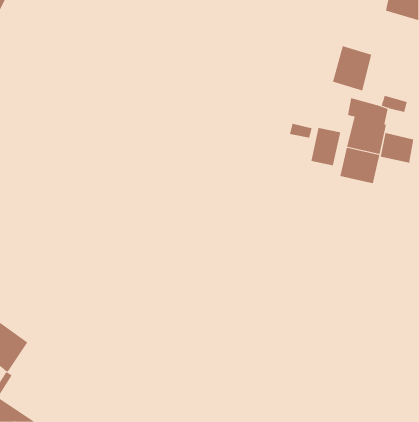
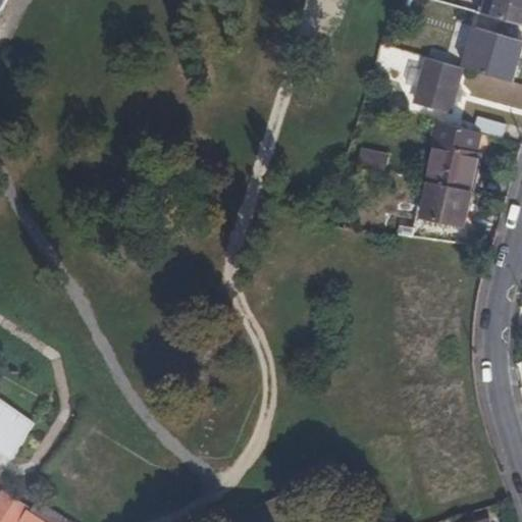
building: none -> [466,22,513,81]
building: [311,127,341,166] -> none
building: [380,132,414,163] -> none

